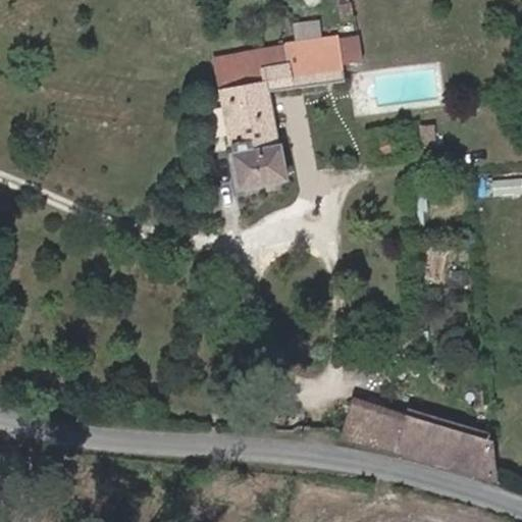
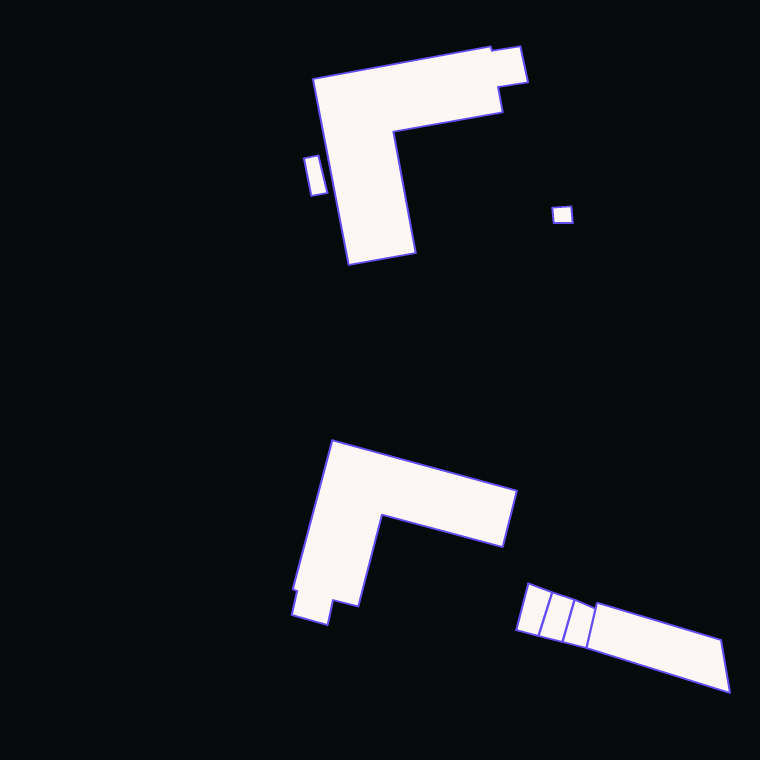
building: none -> [292,440,517,625]

